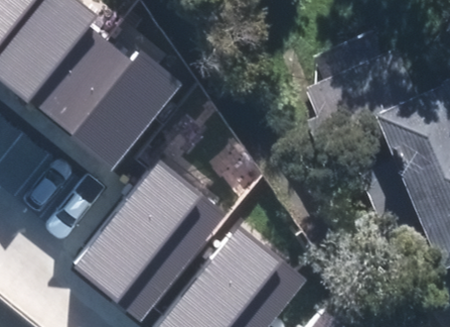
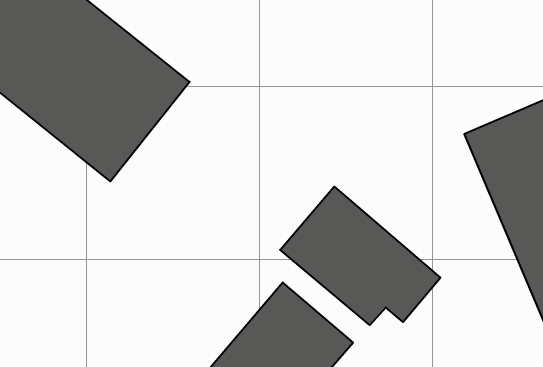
building: none -> [280,187,440,325]
building: [72,166,207,293] -> none

